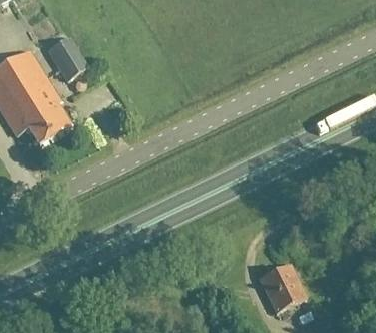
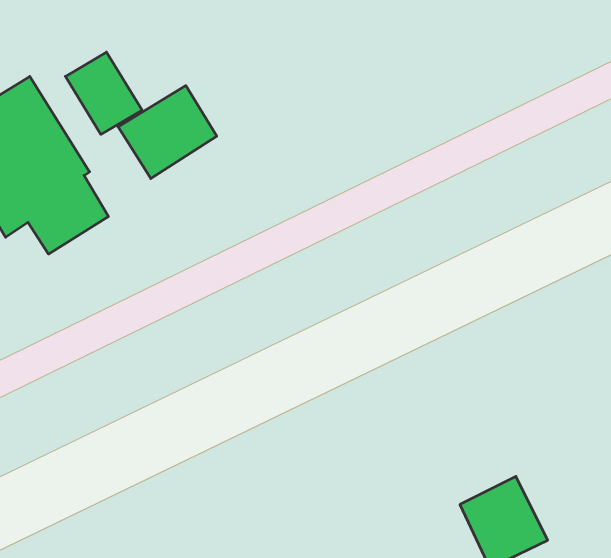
building: none -> [118,86,217,179]

